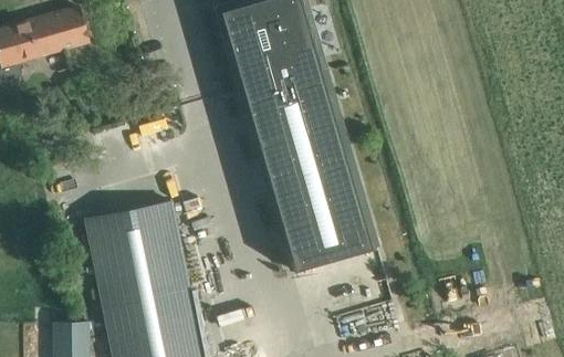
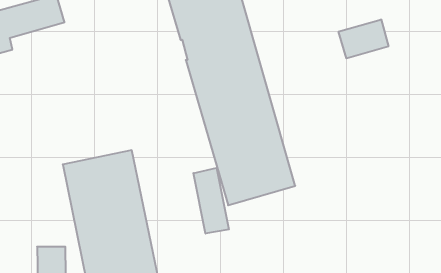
building: none -> [339,19,388,58]
building: none -> [193,168,229,234]

